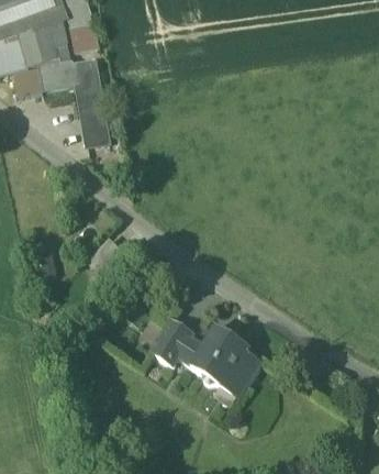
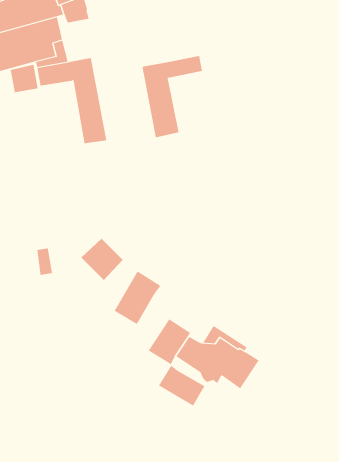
building: [69,22,98,52] -> none
building: none -> [142,55,203,138]
building: none -> [114,271,161,325]
building: none -> [158,365,205,406]

